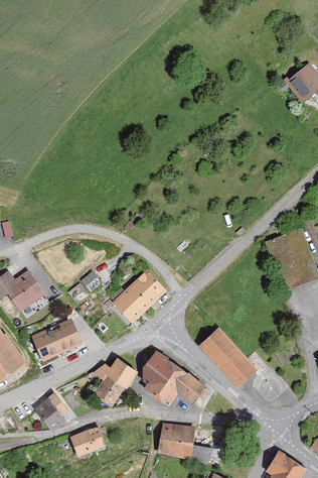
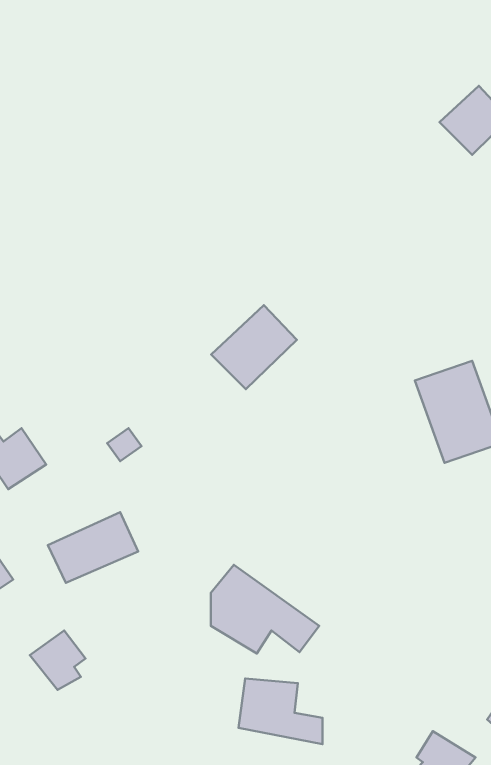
building: [112,271,164,323] -> [211,305,297,389]
building: [199,326,261,389] -> none
building: [91,358,140,406] -> none
building: [71,428,107,456] -> none

